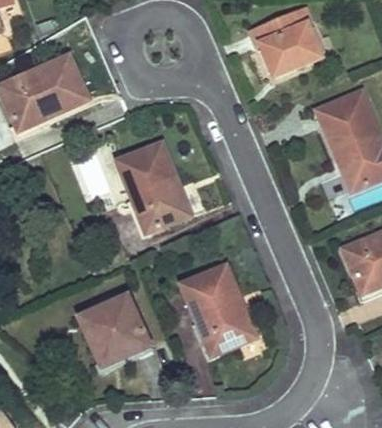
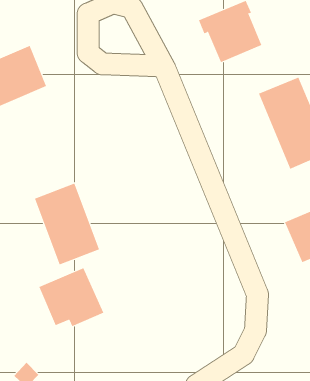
building: [118,144,189,233] -> [34,183,100,265]
building: [183,265,258,355] -> none

